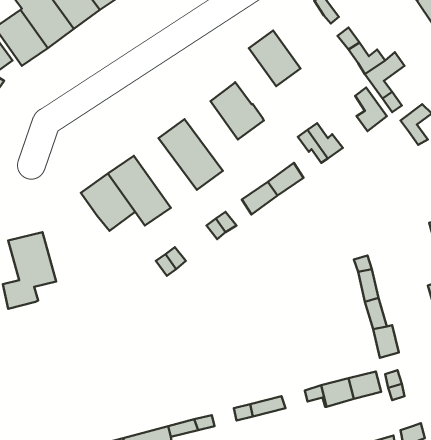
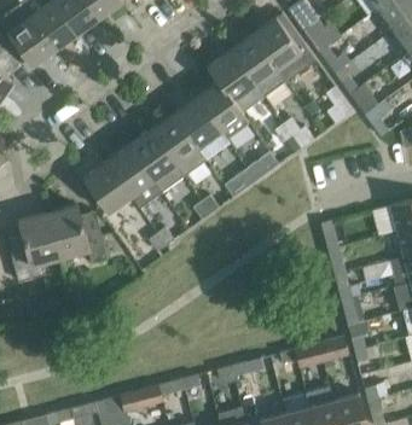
building: none -> [253,13,317,82]
building: none -> [207,51,265,112]
building: none -> [174,98,230,159]
building: none -> [129,130,185,192]
building: none -> [48,205,108,263]

